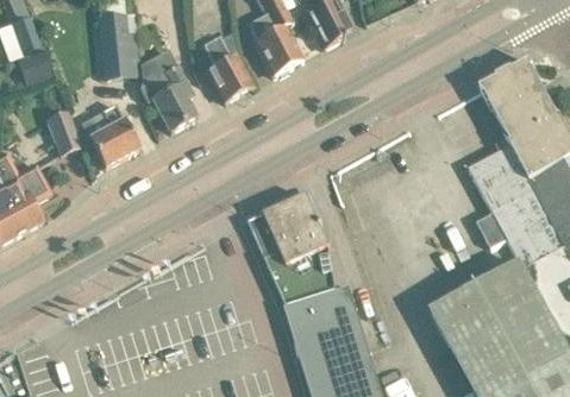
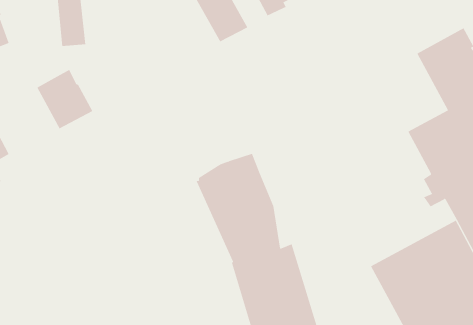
building: [203,36,252,102] -> none
building: [139,52,196,132] -> none
building: [48,114,83,159] -> none

